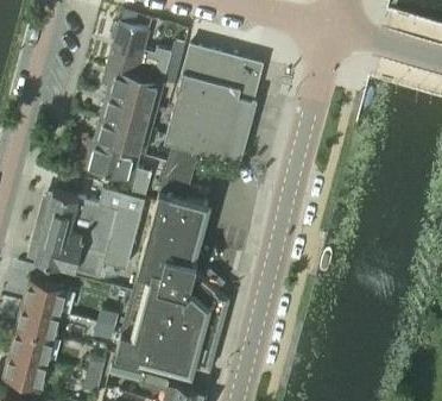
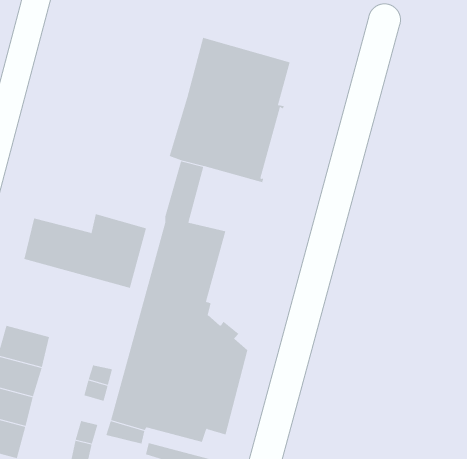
building: [80,23,181,198] -> none
building: [36,226,132,278] -> none

